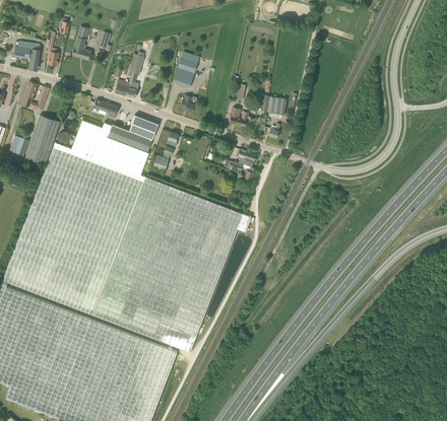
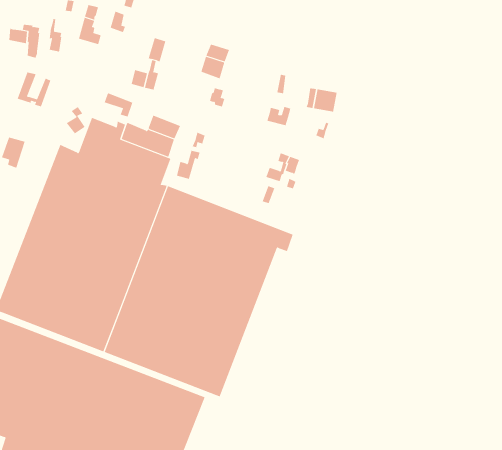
building: [24,115,59,164] -> none

